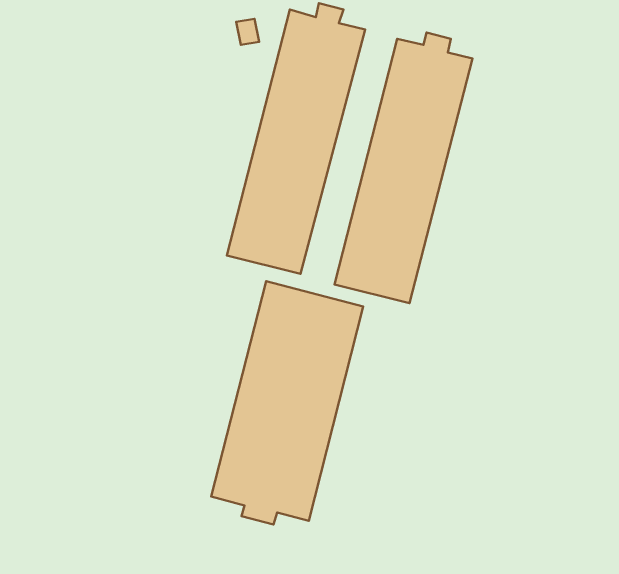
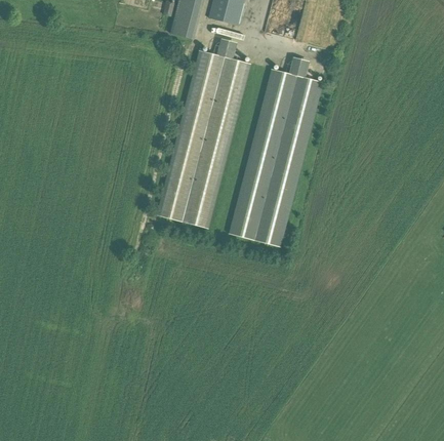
building: [211,281,363,524] -> none

